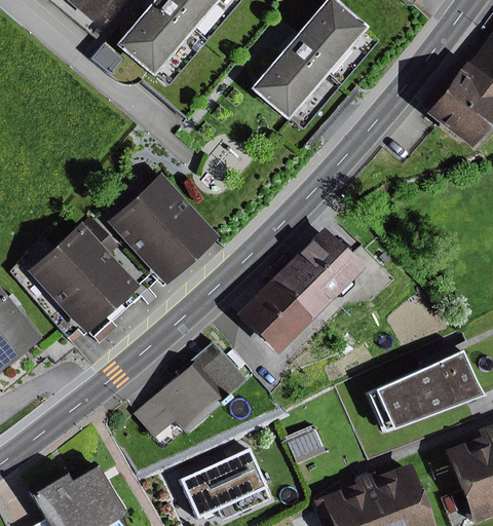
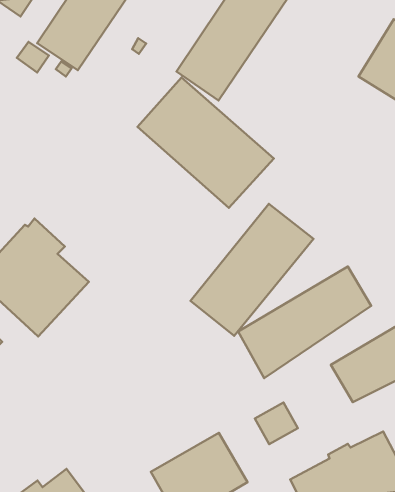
building: none -> [137,78,274,208]
building: [108,174,219,286] -> none
building: none -> [238,266,371,378]
building: [136,341,249,438] -> none

